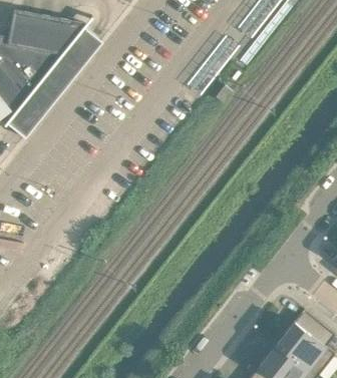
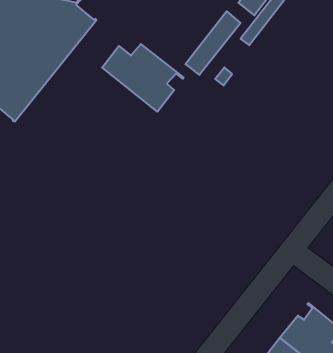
building: none -> [102,44,184,112]

